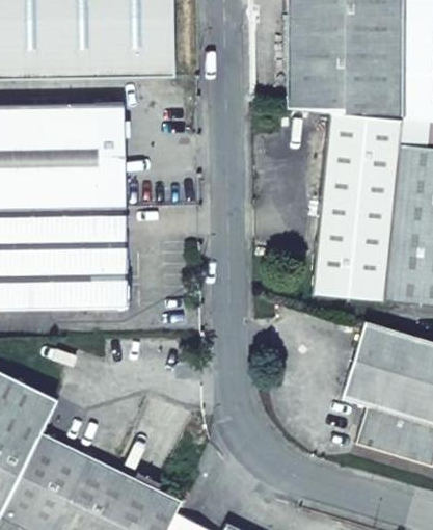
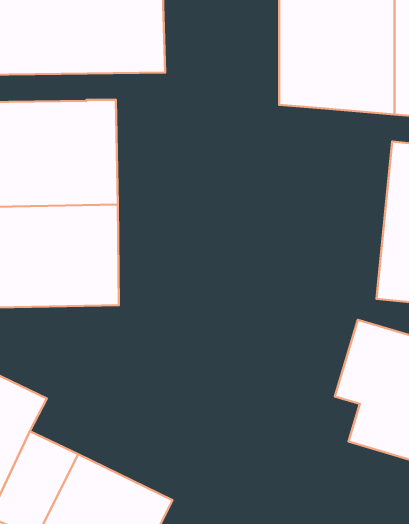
building: [310,111,401,300] -> none

